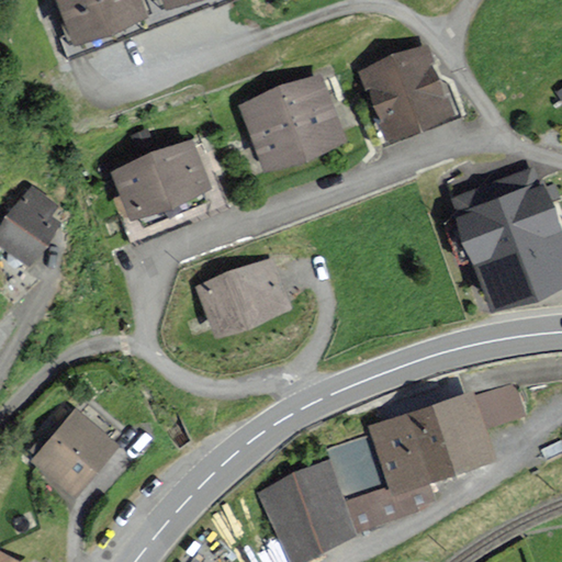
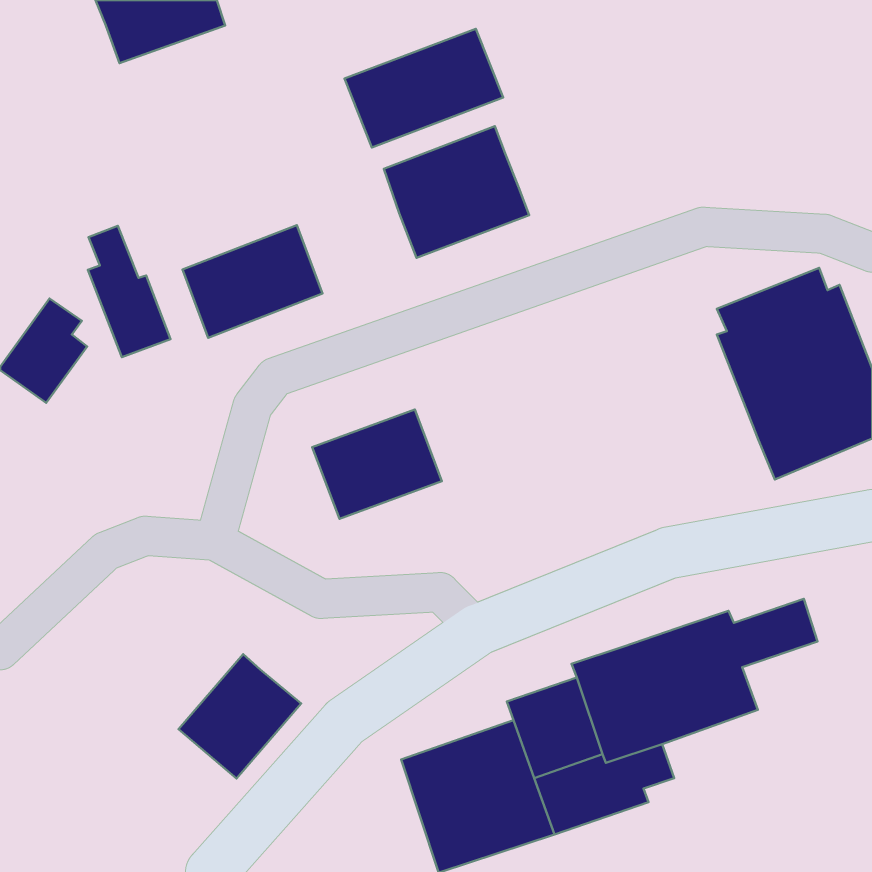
building: none -> [345,29,503,147]
building: [367,48,451,139] -> none
building: none -> [88,226,171,357]
building: [35,414,114,494] -> [178,654,301,779]

